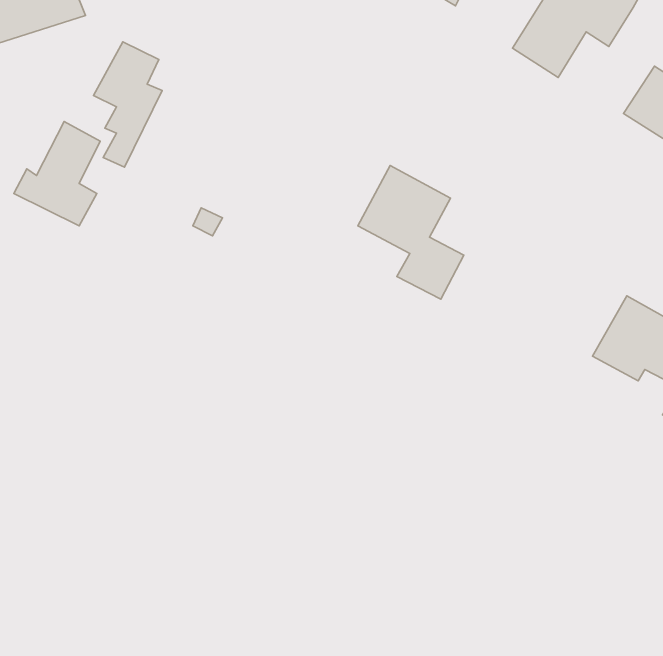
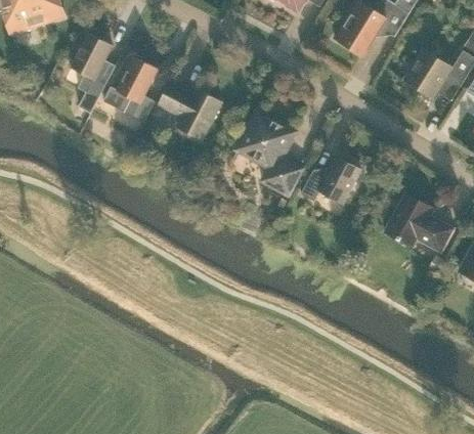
building: none -> [160,83,222,139]
building: [14,122,100,226] -> [103,56,158,122]
building: none -> [301,157,361,204]

